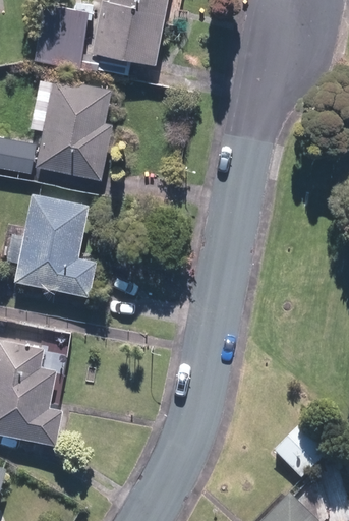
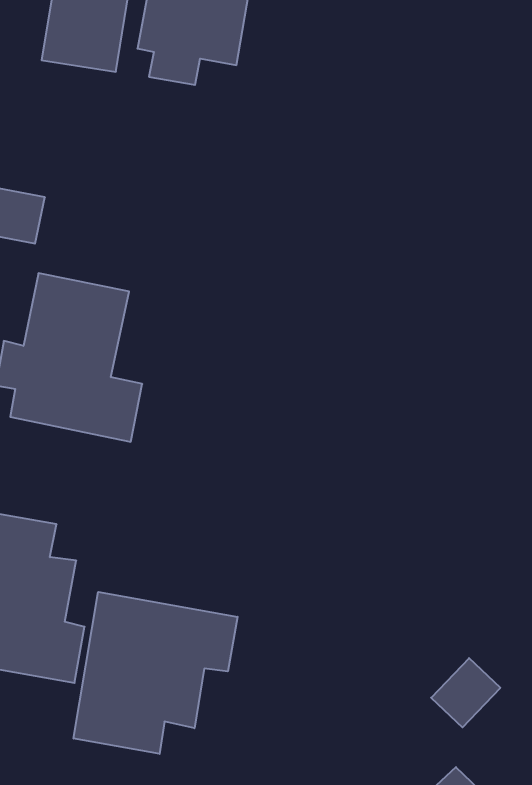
building: [31,77,112,180] -> none
building: none -> [74,592,238,754]

